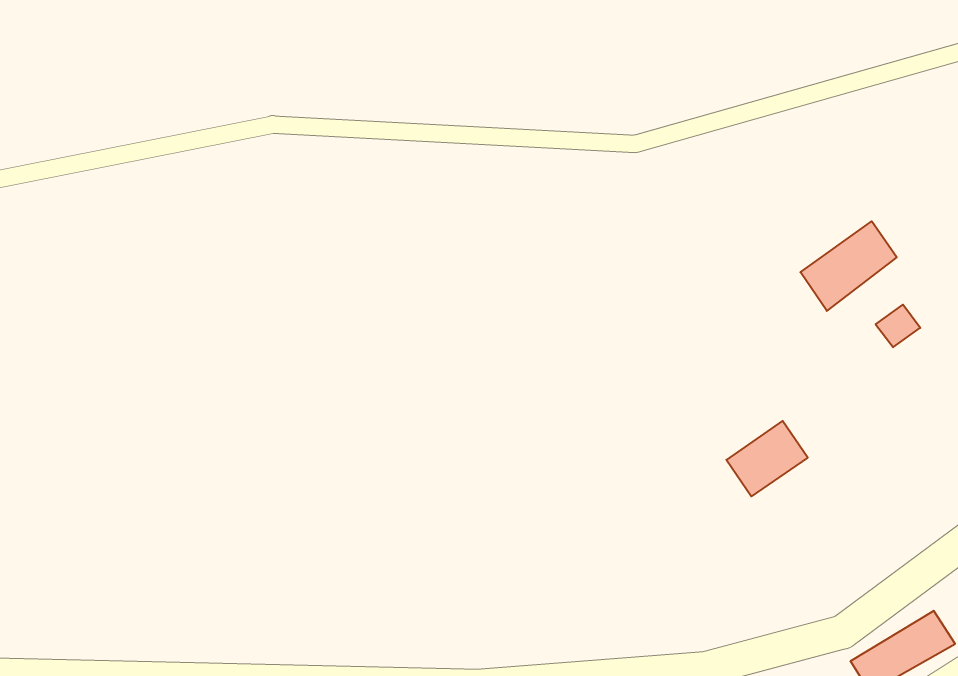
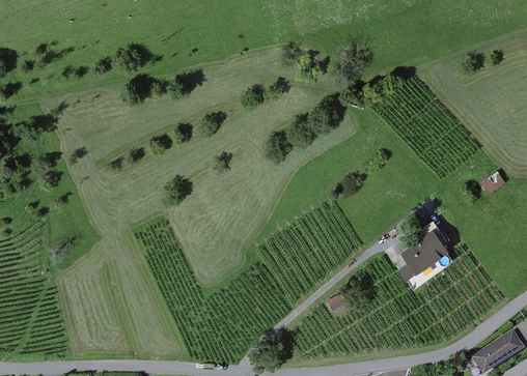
building: [800,221,897,311] -> none

